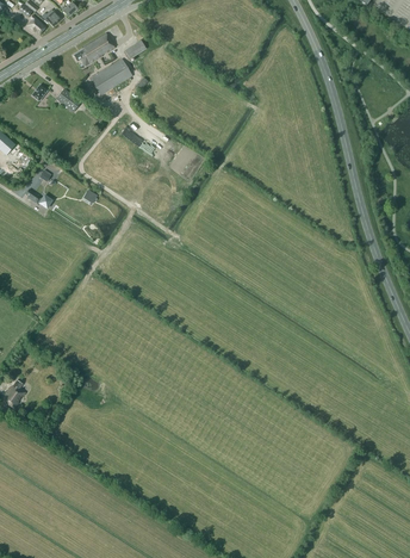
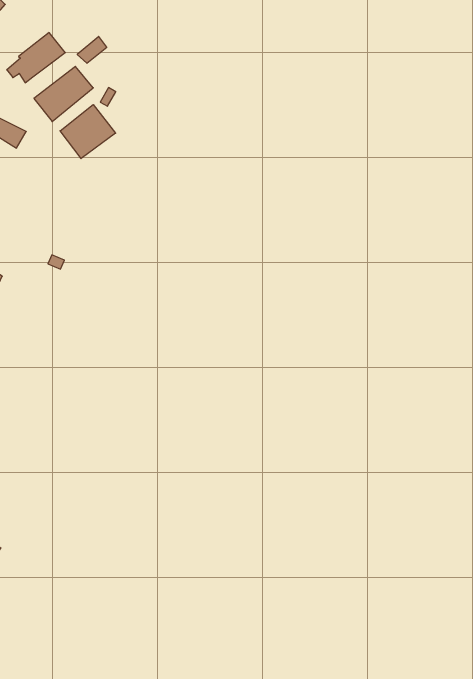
building: none -> [60,105,116,159]

